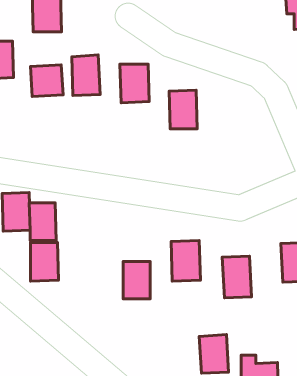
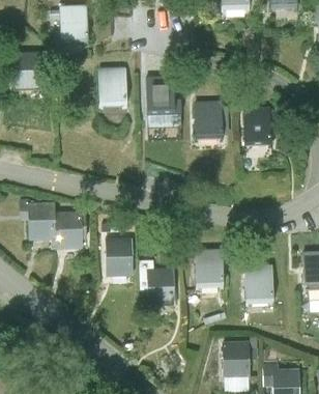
building: [30,65,63,96] -> none
building: none -> [240,106,270,143]
building: [30,242,59,281] -> [104,238,132,277]

